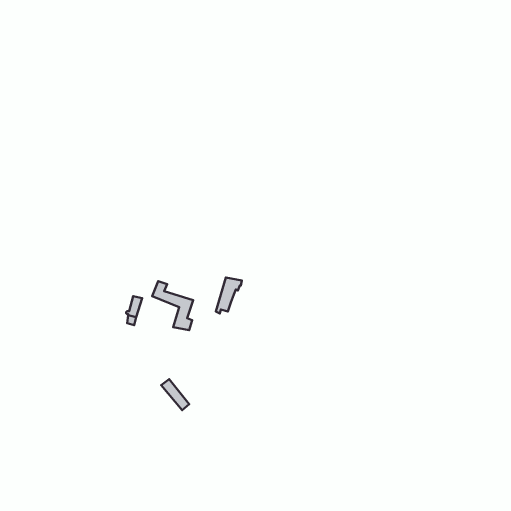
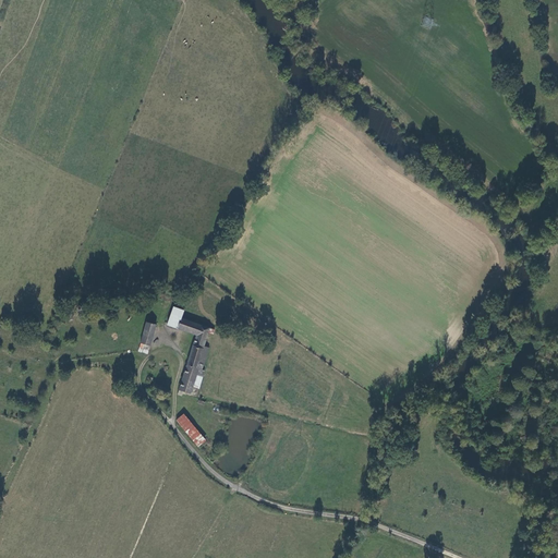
building: [216,278,242,314] -> [178,356,206,396]

